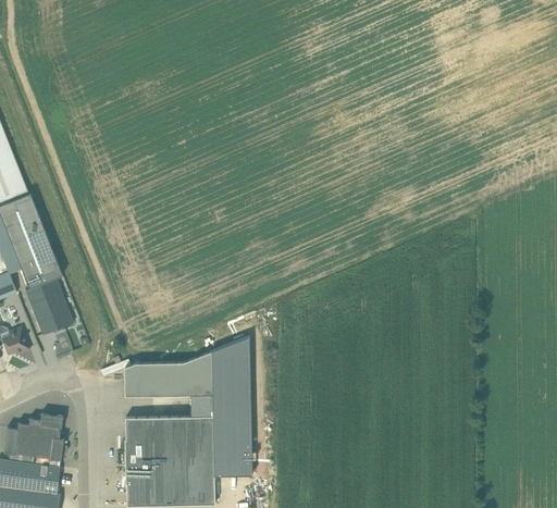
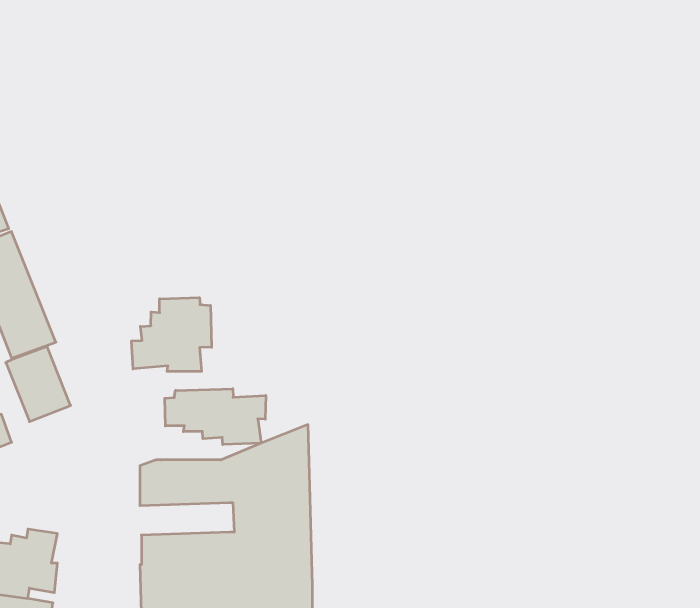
building: none -> [132,298,212,371]
building: none -> [165,389,266,445]

